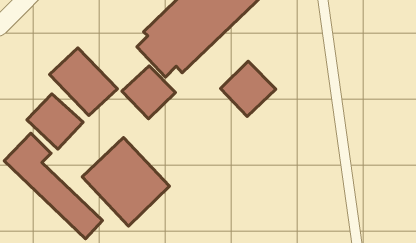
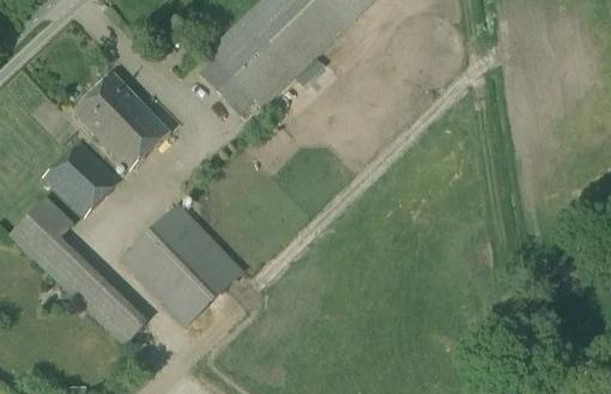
building: [221,61,276,117] -> none
building: [122,66,176,119] -> none

